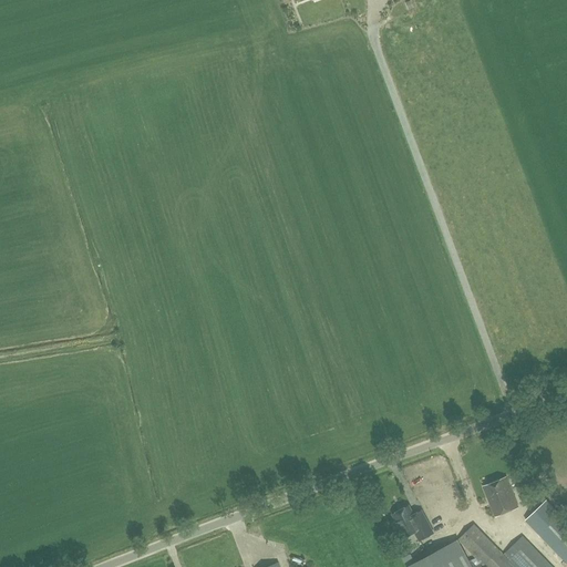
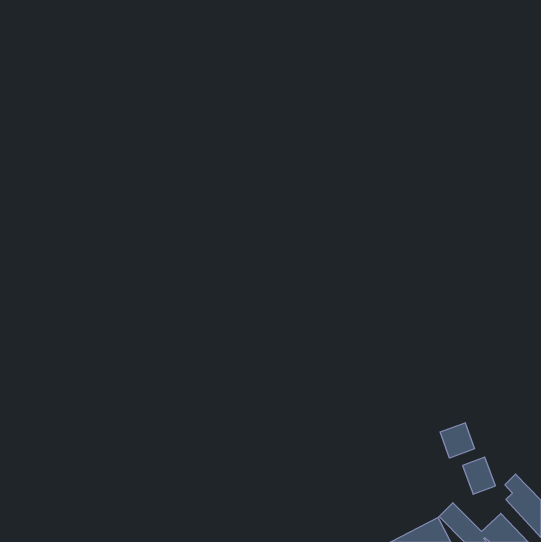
building: none -> [440,423,475,458]
building: [392,506,432,540] -> none

